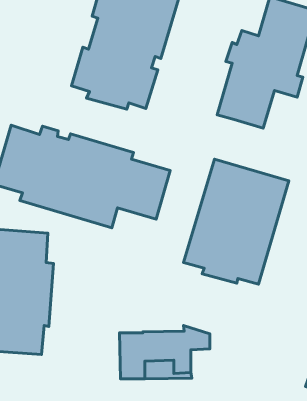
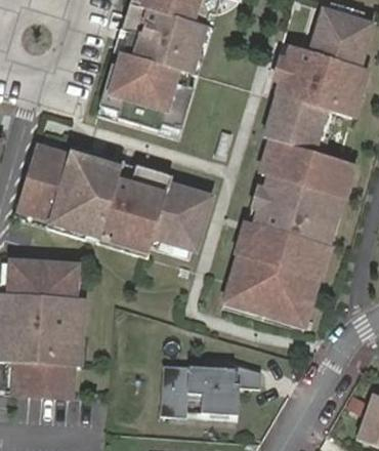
building: none -> [259,141,349,208]

